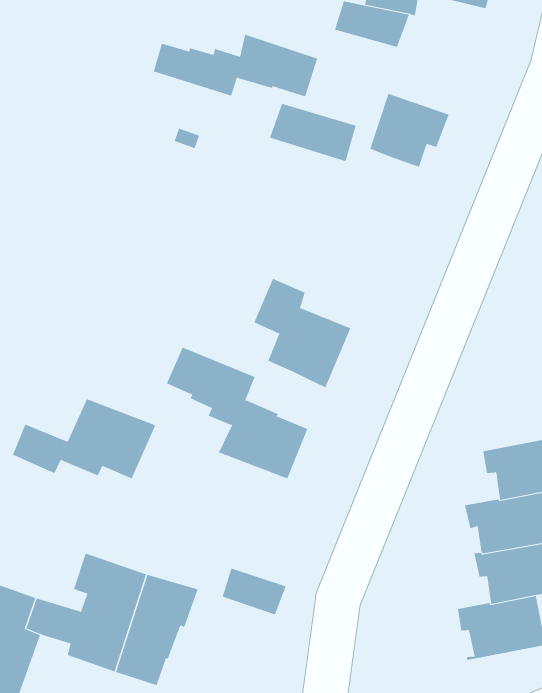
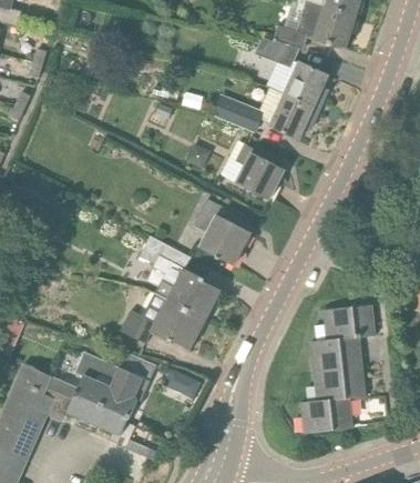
building: [153,34,318,97] -> none
building: none -> [284,61,328,109]
building: none -> [237,143,285,198]
building: [12,398,156,479] -> [121,299,207,349]

